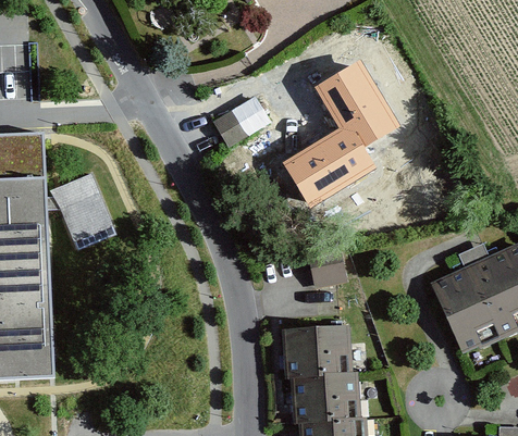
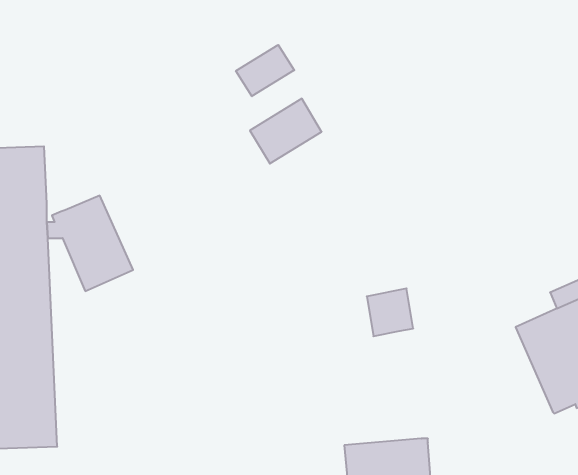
building: none -> [236,45,294,96]
building: [281,58,400,208] -> none
building: [282,325,353,378] -> none

